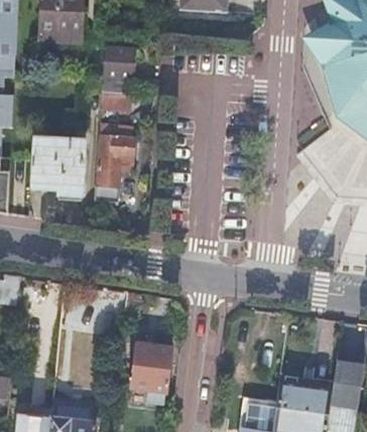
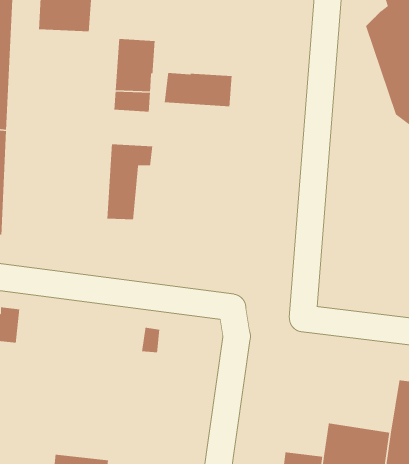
building: none -> [164,72,232,107]
building: [29,139,85,197] -> none
building: [130,341,171,392] -> none

